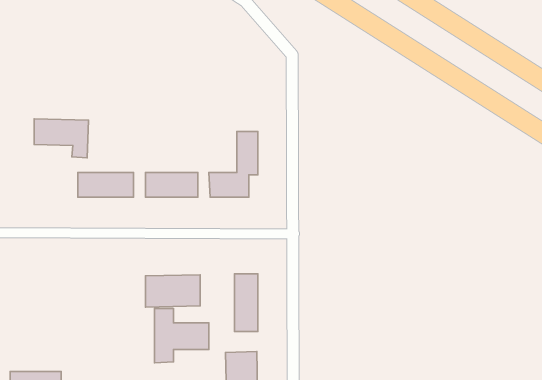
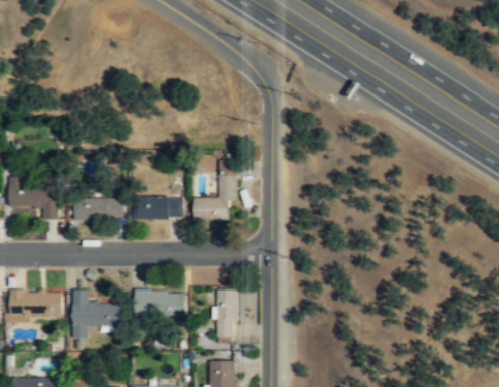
building: [34,119,88,158] -> [9,184,58,219]
building: none -> [9,289,63,316]
building: [154,309,209,363] -> [72,289,121,339]

